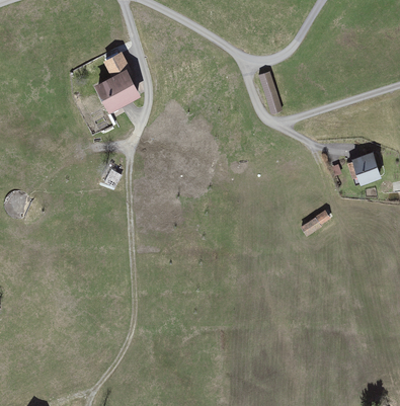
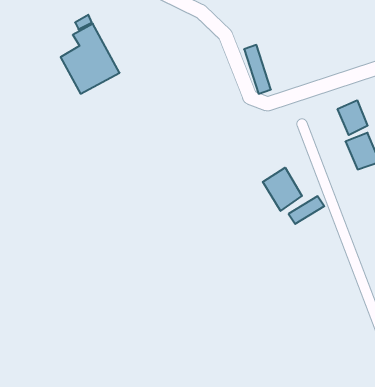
building: none -> [338,100,368,135]
building: none -> [263,168,302,211]

